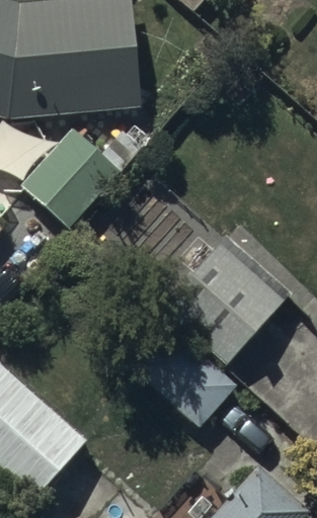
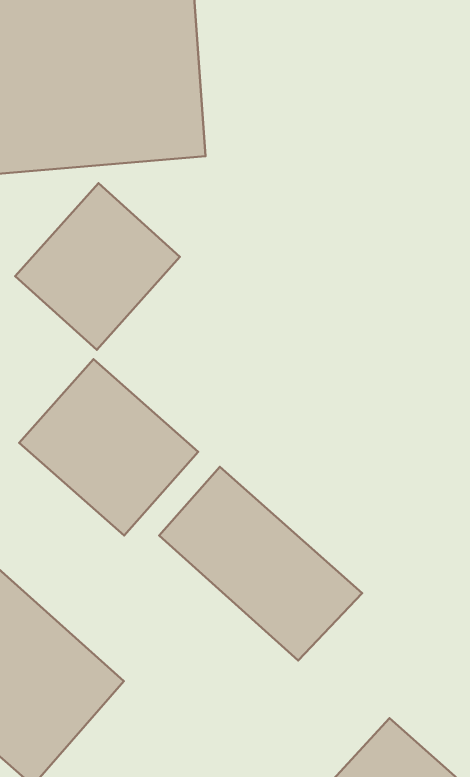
building: none -> [19,359,198,536]
building: [162,239,287,363] -> none

